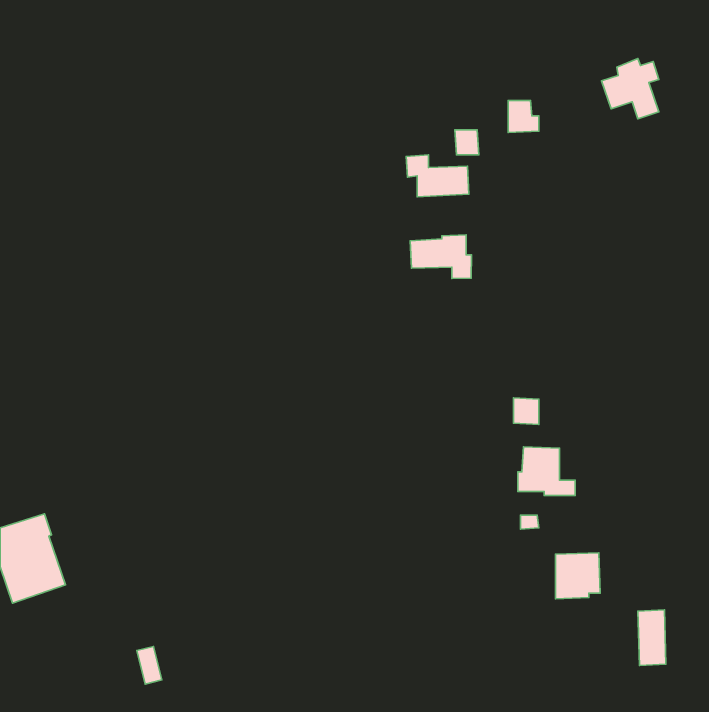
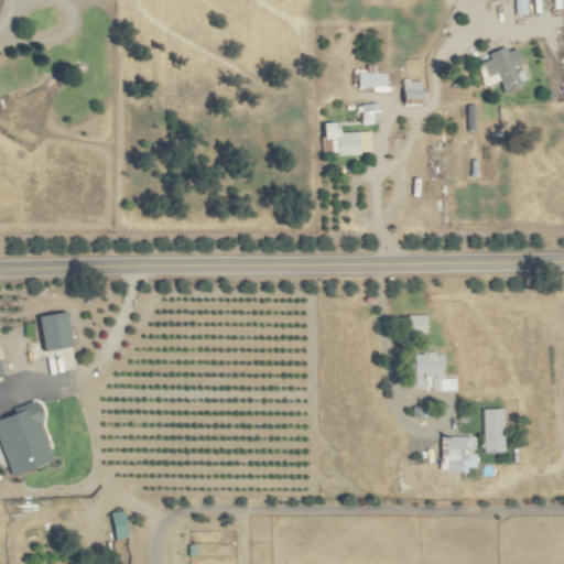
building: none -> [359,70,390,89]
building: [410,235,471,279] -> none
building: none -> [41,313,73,350]
building: [638,610,666,666] -> [484,409,506,453]

